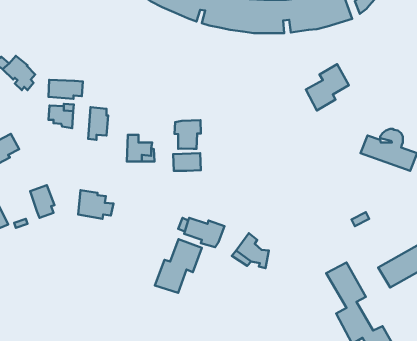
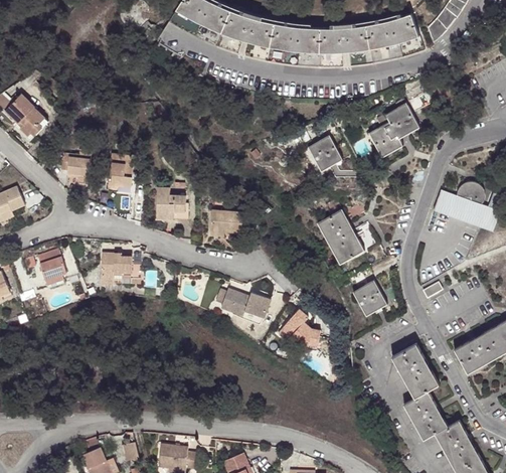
building: [48,80,83,99] -> none
building: none -> [308,136,343,172]
building: [174,120,201,149] -> none
building: none -> [317,209,365,265]
building: none -> [353,280,387,316]
building: [155,239,202,293] -> none

